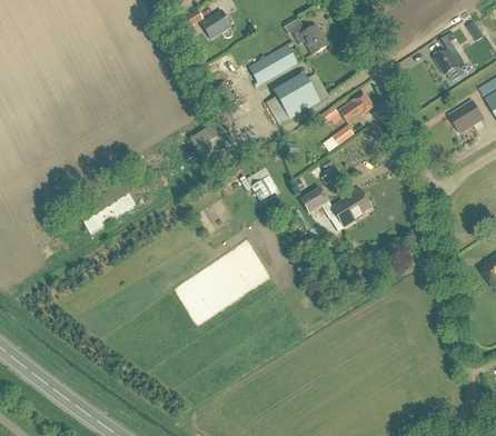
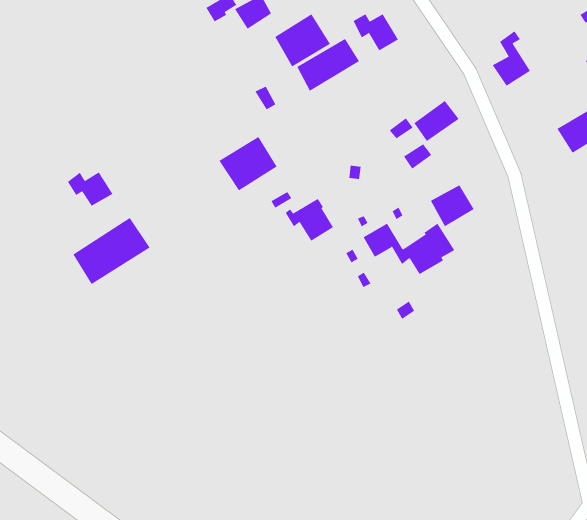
building: [434,30,464,73] -> [492,30,531,87]
building: [276,77,319,118] -> [274,14,331,67]
building: none -> [67,171,113,206]
building: none -> [430,184,474,227]

